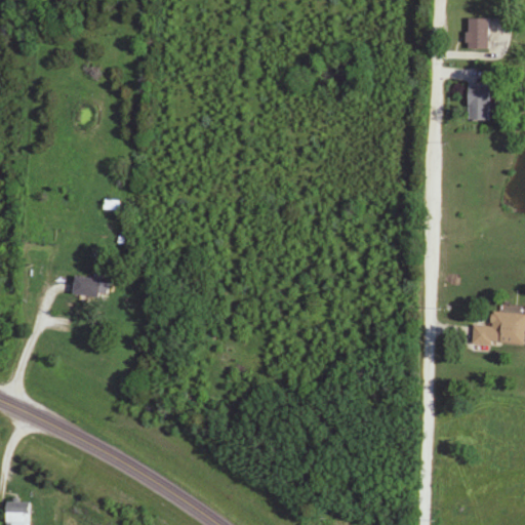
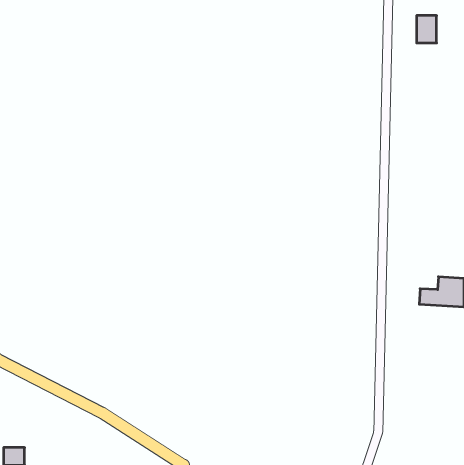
building: [470,84,491,118] -> none
building: [72,277,106,294] -> none

